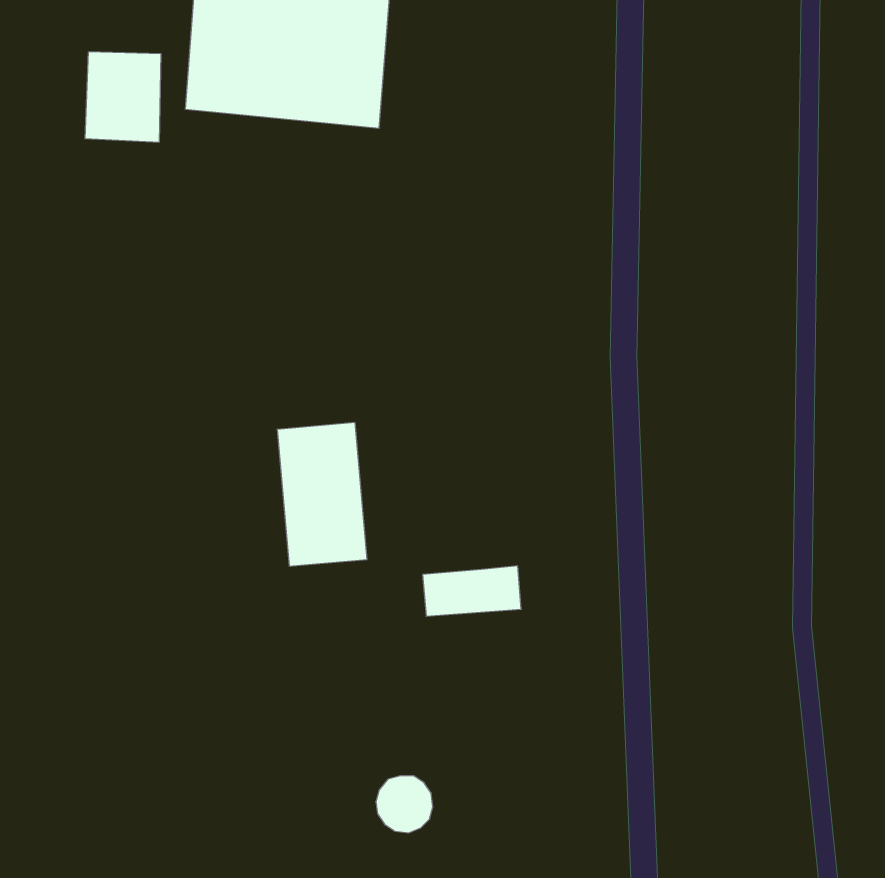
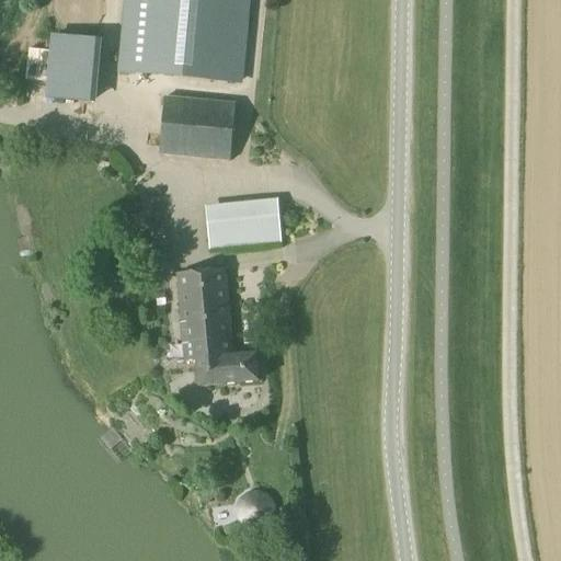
building: none -> [160,94,236,159]
building: none -> [204,202,277,245]
building: [423,566,521,616] -> [195,352,257,383]

